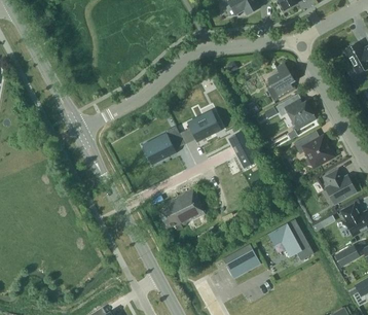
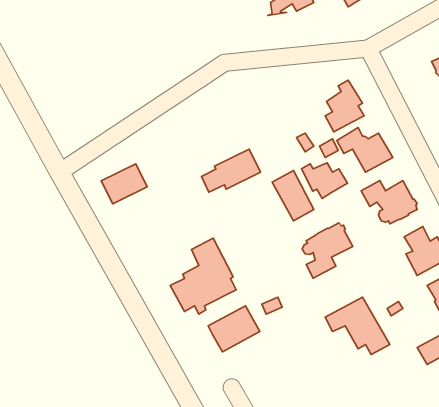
building: none -> [301,163,347,199]
building: [143,136,176,165] -> [101,164,147,204]
building: none -> [302,223,353,278]
building: [222,244,259,277] -> [208,306,260,352]

